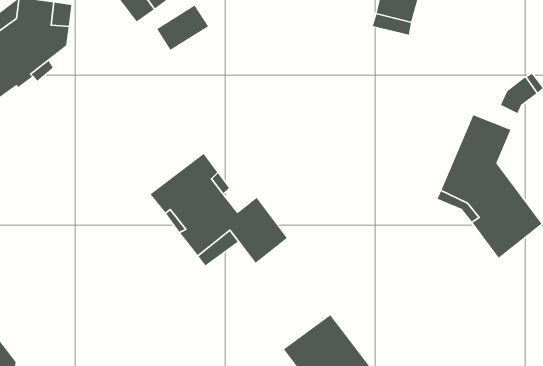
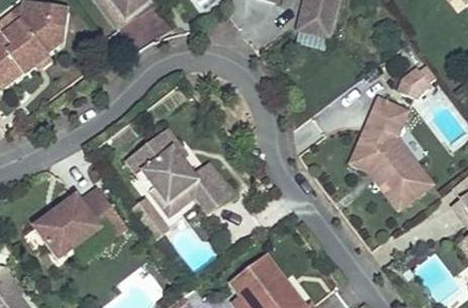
building: none -> [34,187,126,258]

